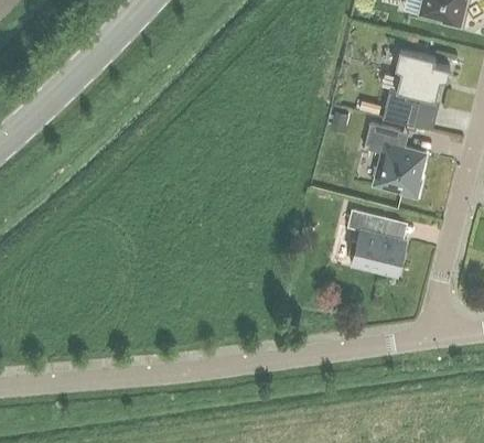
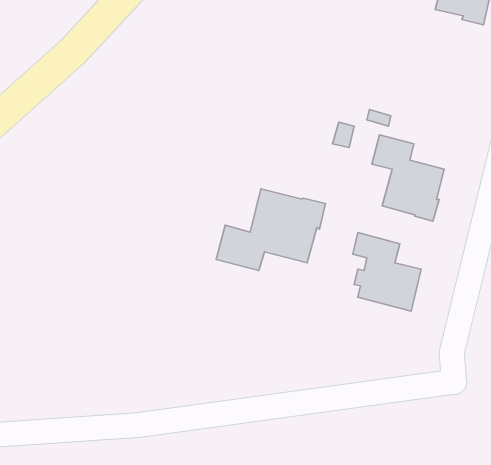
building: [384,48,451,125] -> none
building: none -> [216,189,325,271]

